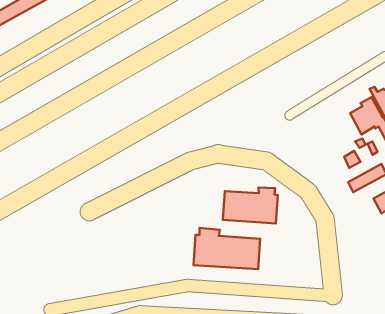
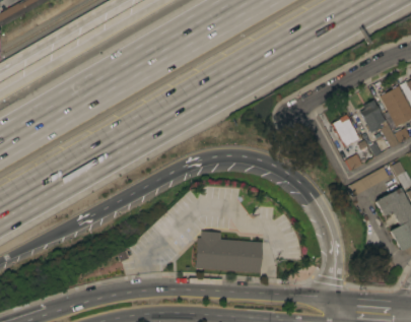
building: none -> [333,115,361,147]
building: [223,188,278,224] -> none

